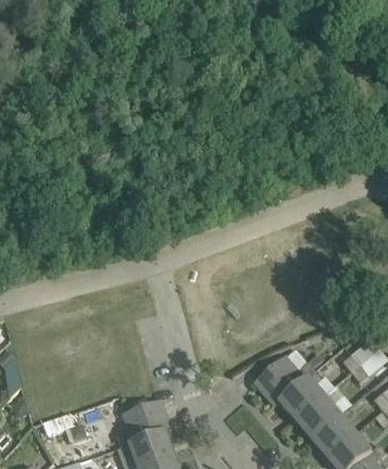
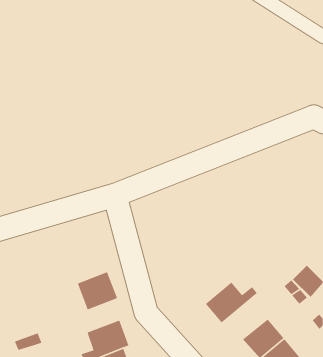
building: none -> [77,271,118,311]
building: [273,368,324,419] -> none

